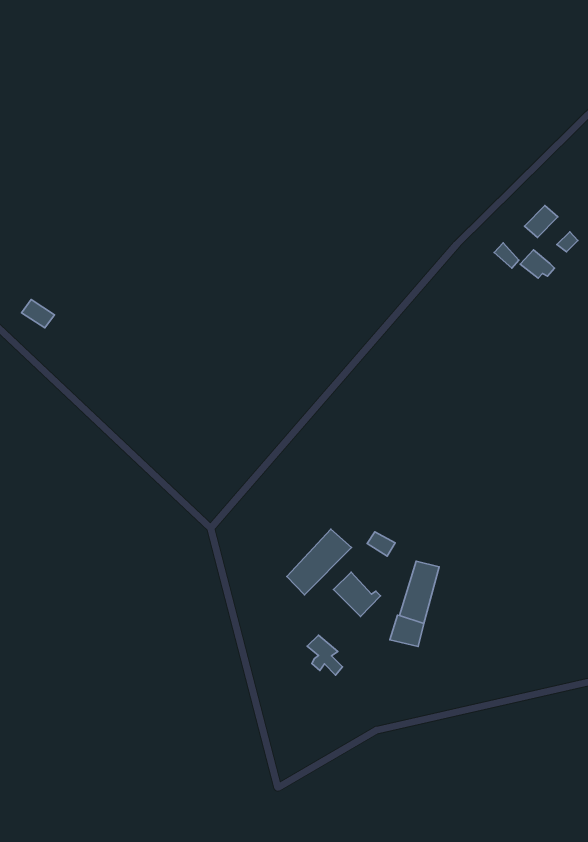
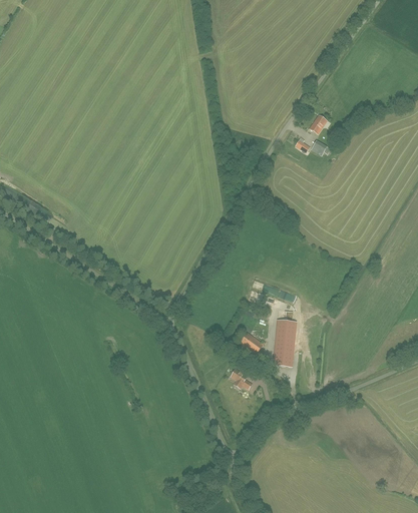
building: [287,529,351,595] -> none

